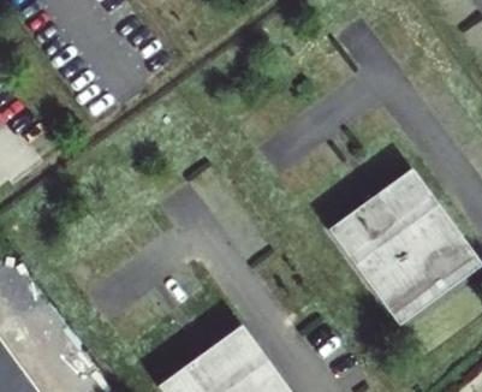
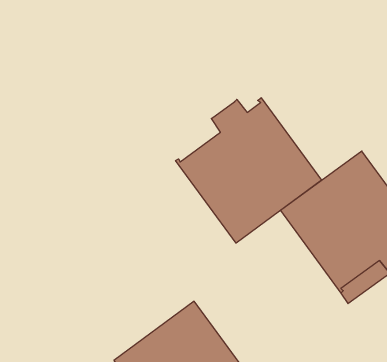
building: none -> [176,98,322,243]

